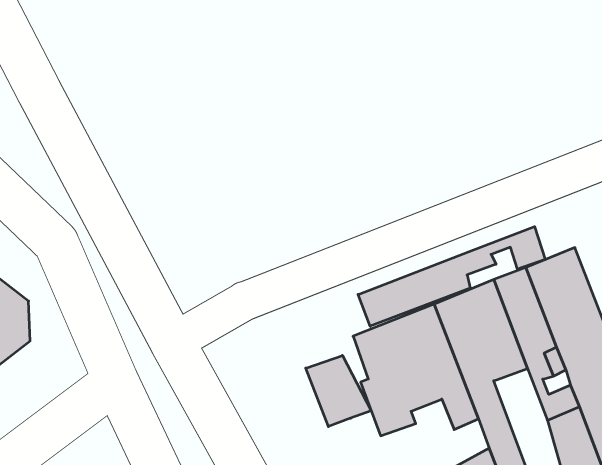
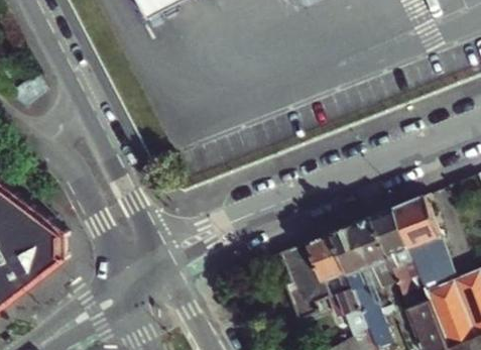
building: [358,227,545,326] -> none
building: [306,355,371,427] -> none

